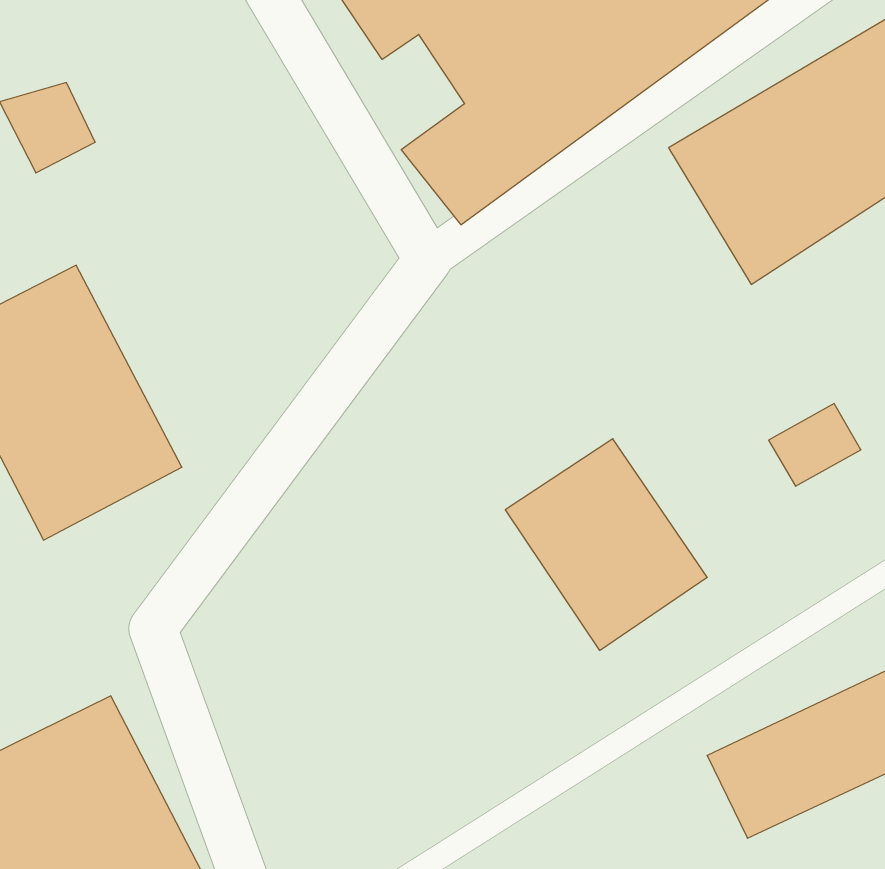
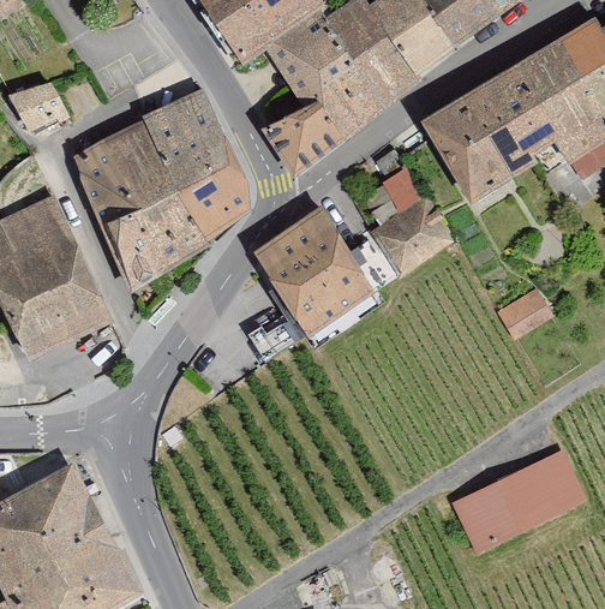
building: none -> [71,90,246,293]
building: none -> [354,145,450,273]
building: [505,439,707,650] -> [253,207,379,339]

